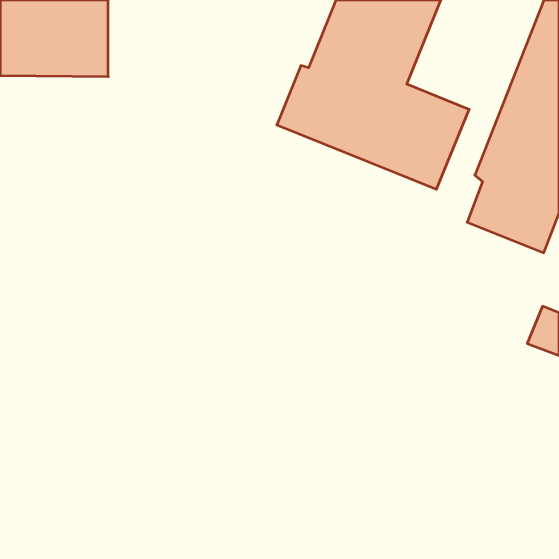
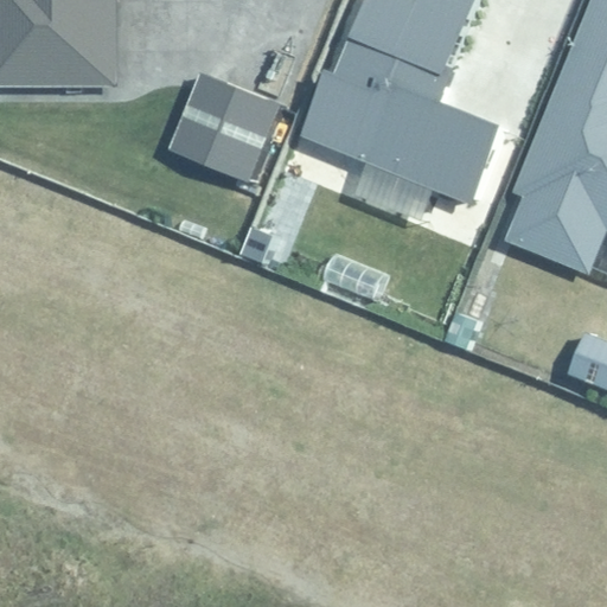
building: none -> [168,71,281,183]

